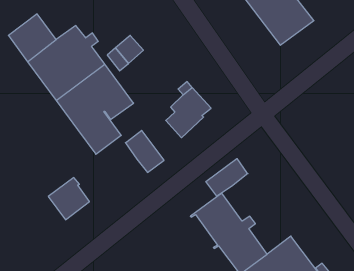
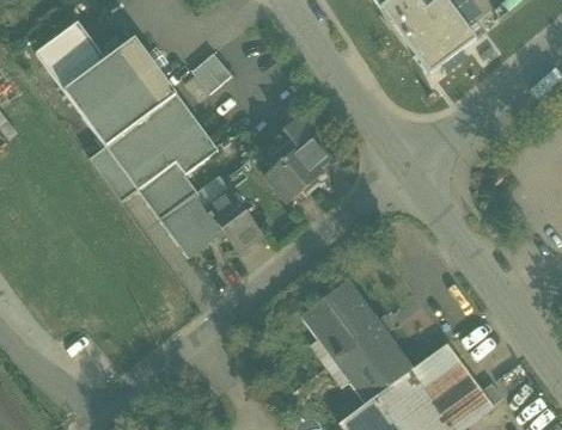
building: none -> [91,148,138,202]
building: [206,159,248,196] -> none
building: [48,178,89,220] -> [164,198,224,259]

